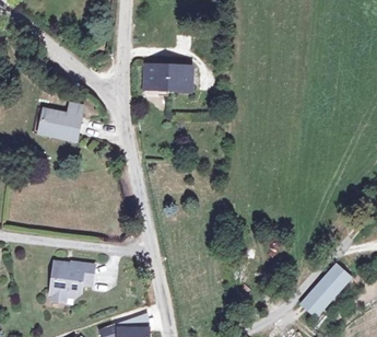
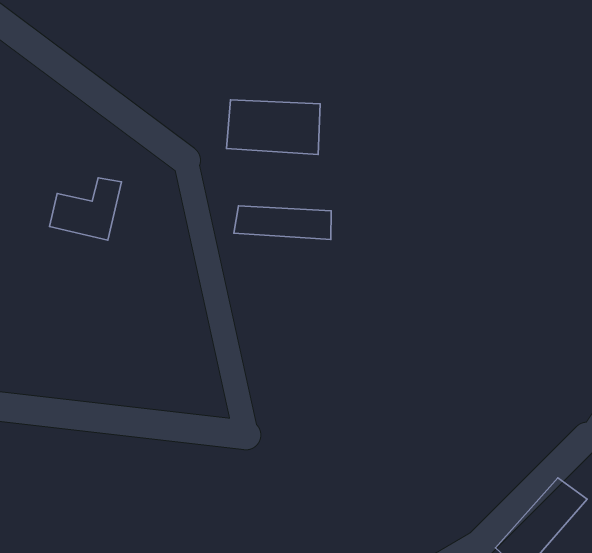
building: none -> [234,206,331,239]
building: [49,258,93,299] -> none

